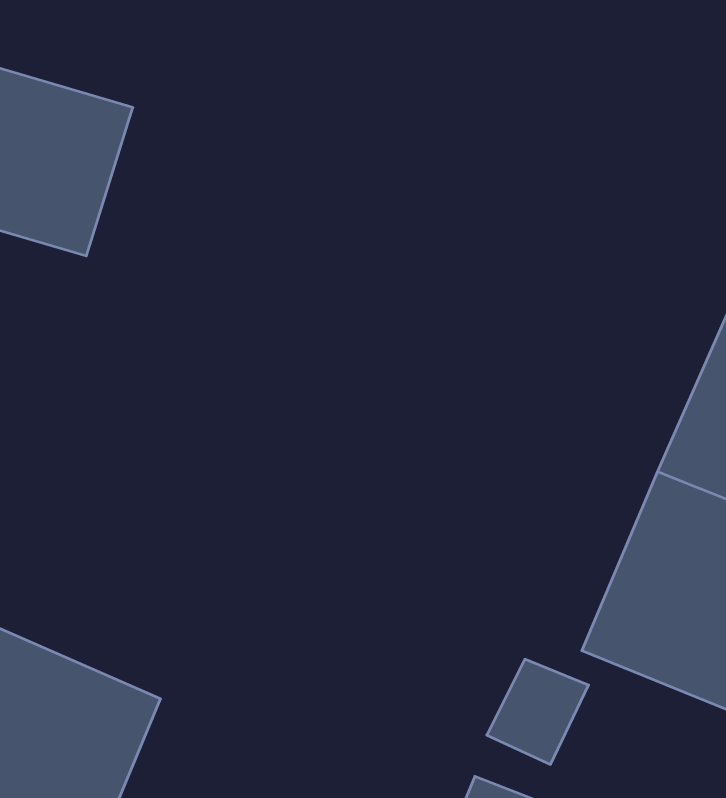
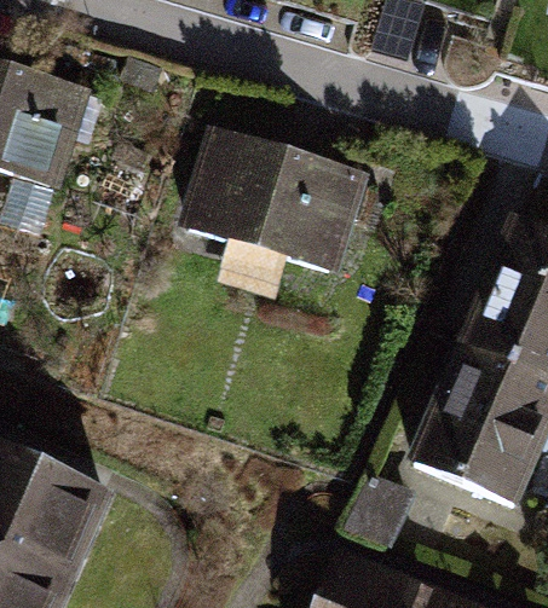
building: none -> [177,122,374,278]

